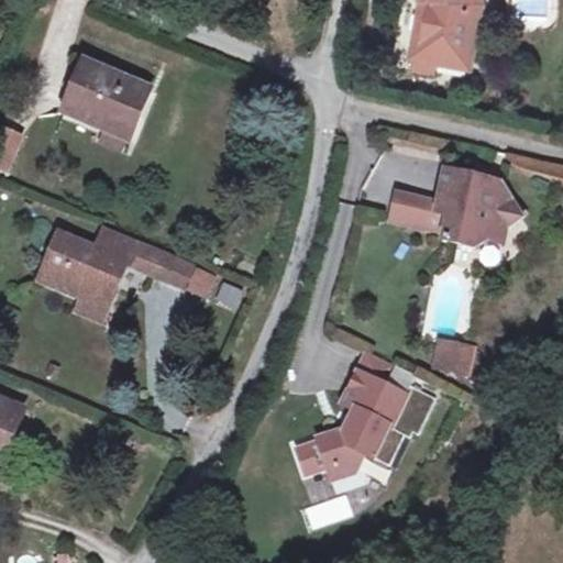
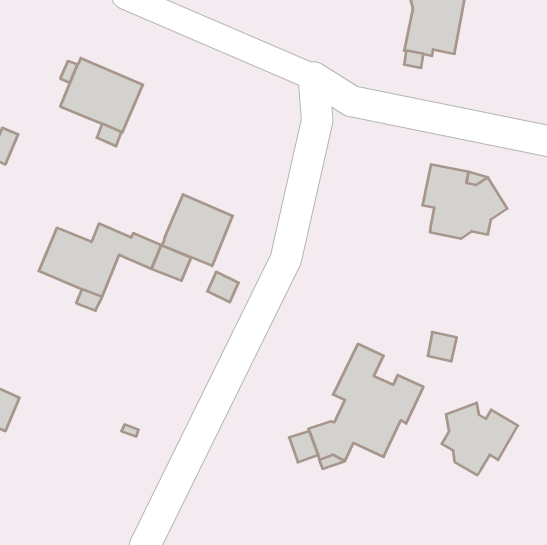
building: [402,195,444,230] -> none
building: none -> [162,194,233,266]
building: none -> [442,403,518,475]

